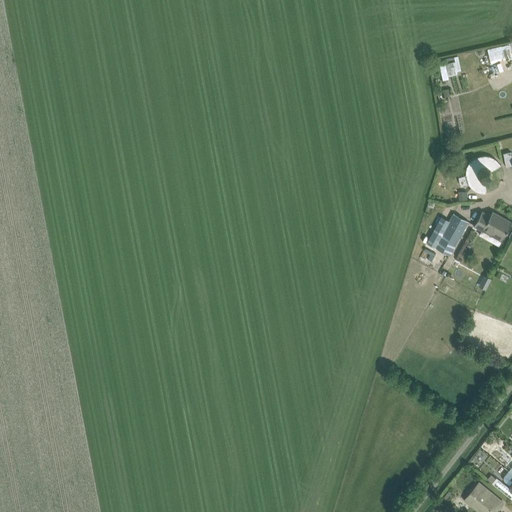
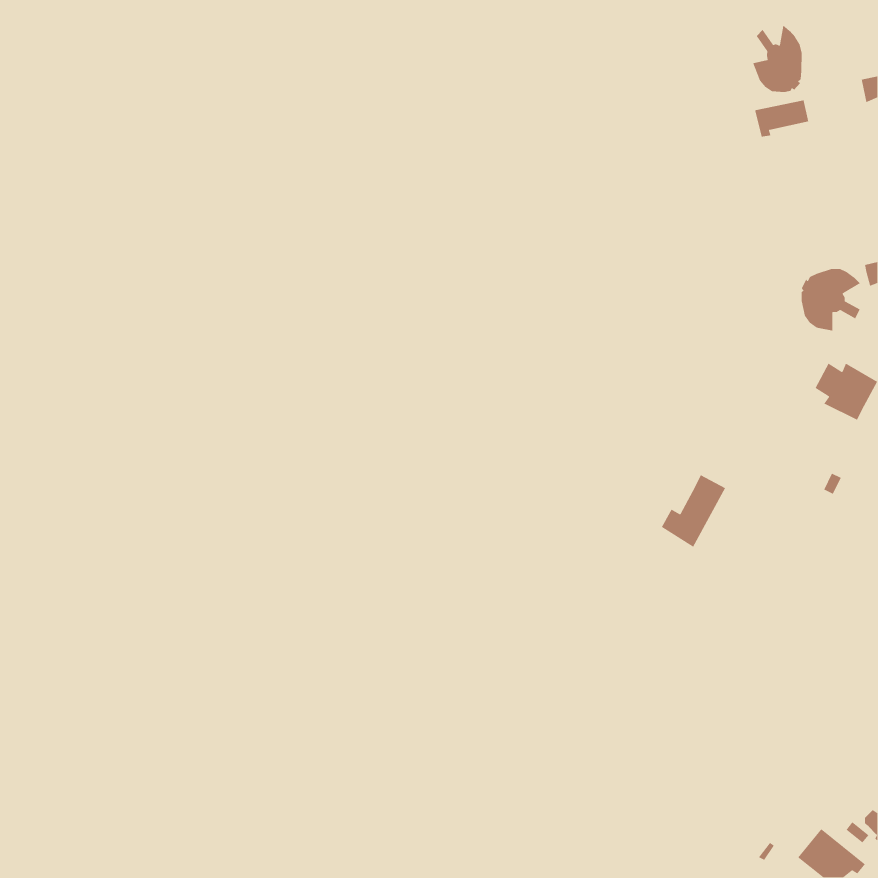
building: none -> [752,24,802,93]
building: [430,213,468,256] -> [661,474,726,548]

